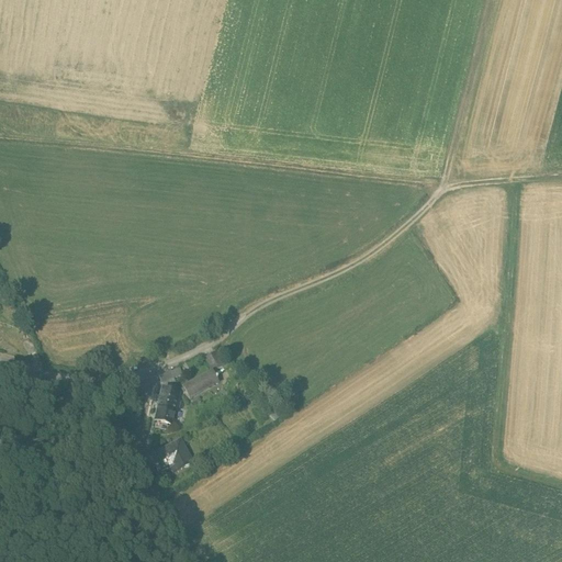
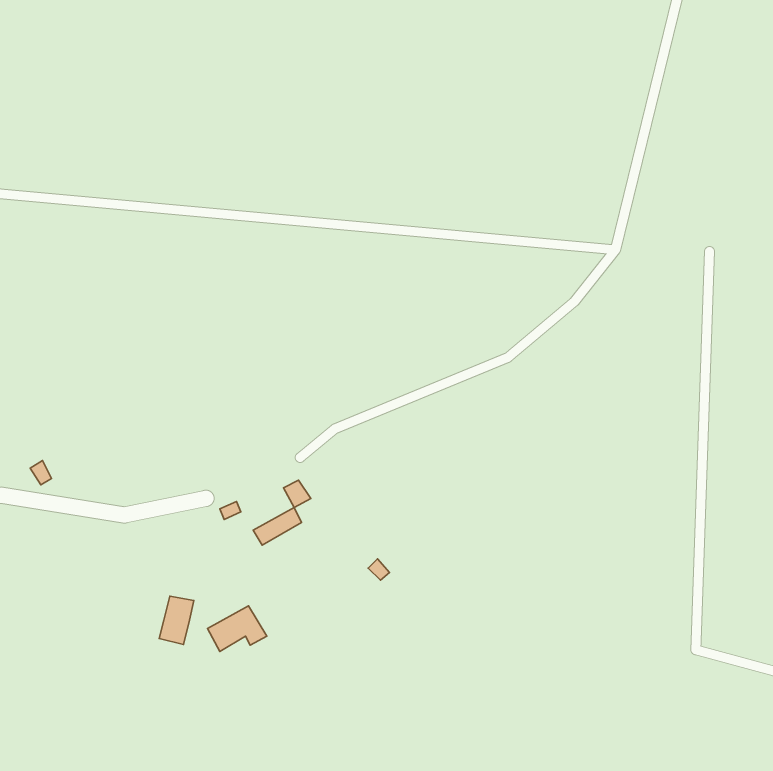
building: [156,385,181,420] -> [159,596,194,645]

